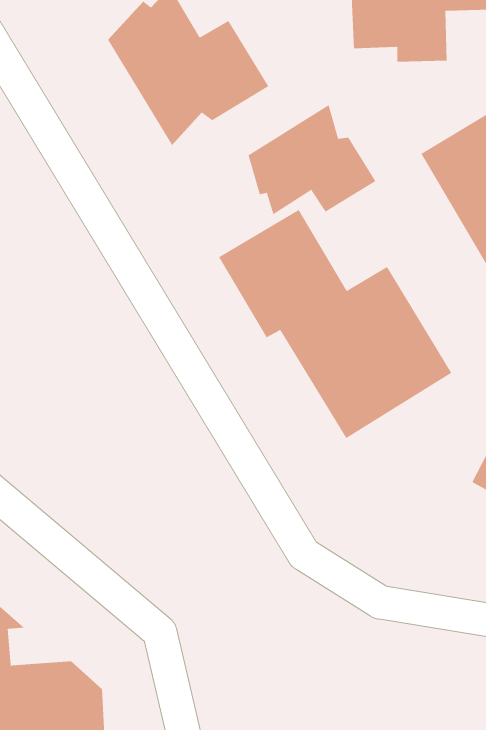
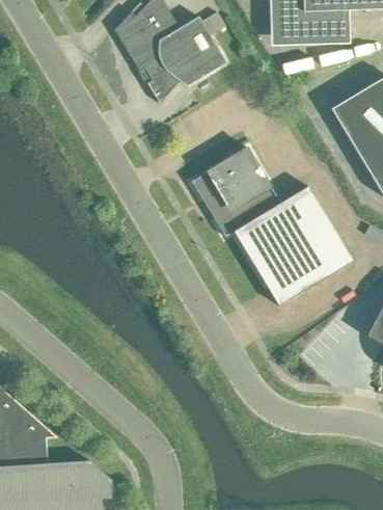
building: [248,104,376,215] -> none

